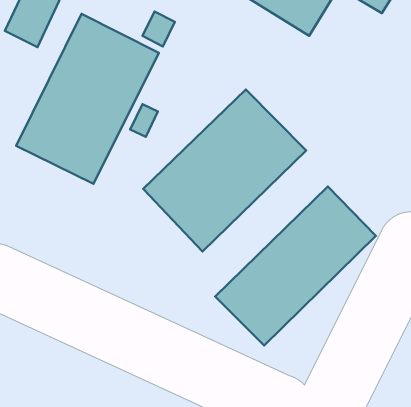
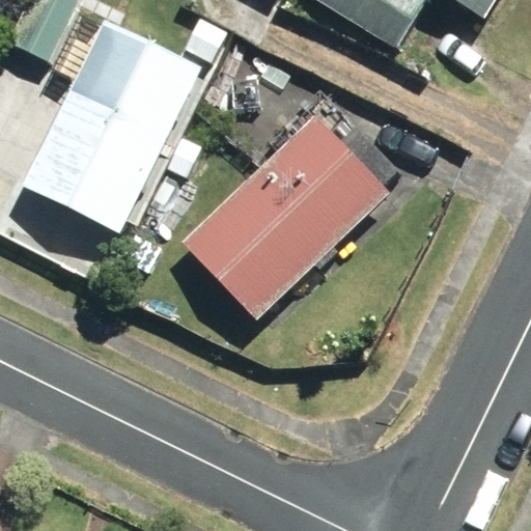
building: [215,187,376,345] -> none

